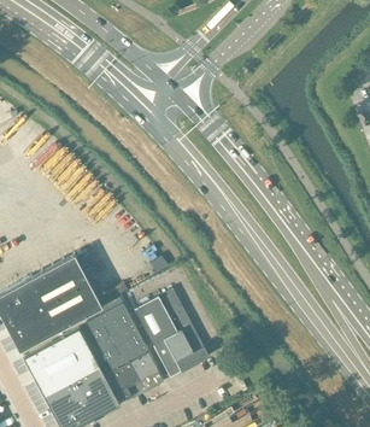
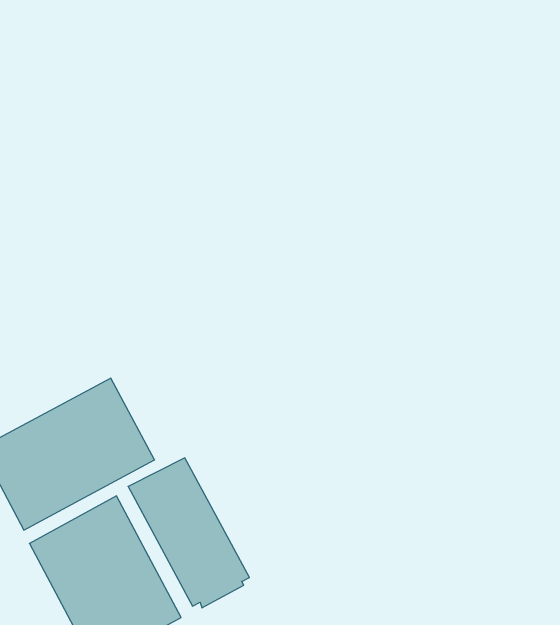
building: [135,289,210,376] -> none

